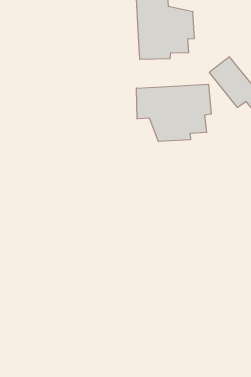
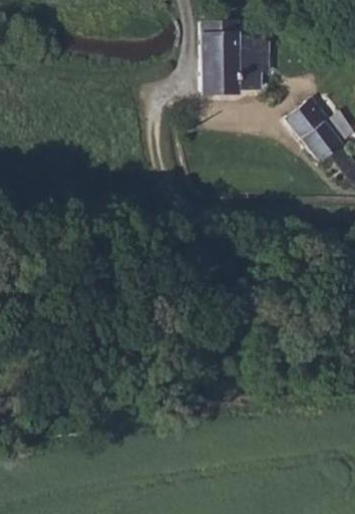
building: [136,84,211,142] -> none

